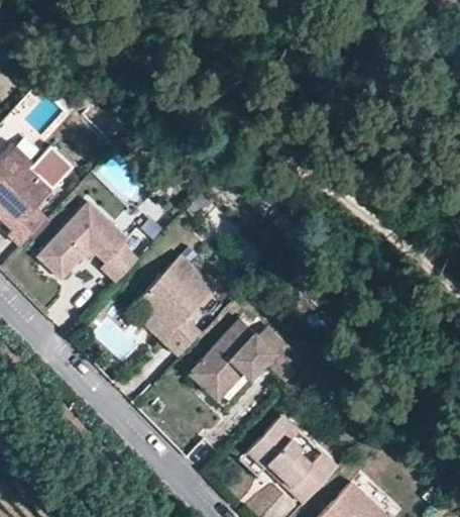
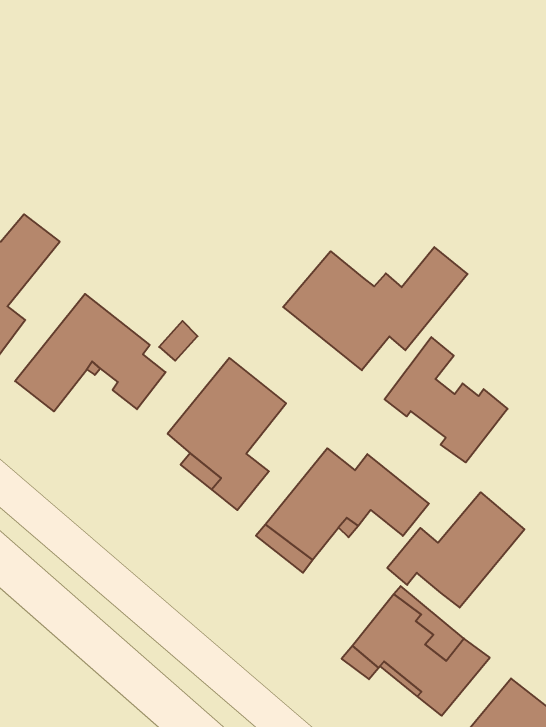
building: none -> [283,247,468,370]
building: none -> [385,337,508,462]
building: none -> [387,492,524,608]

